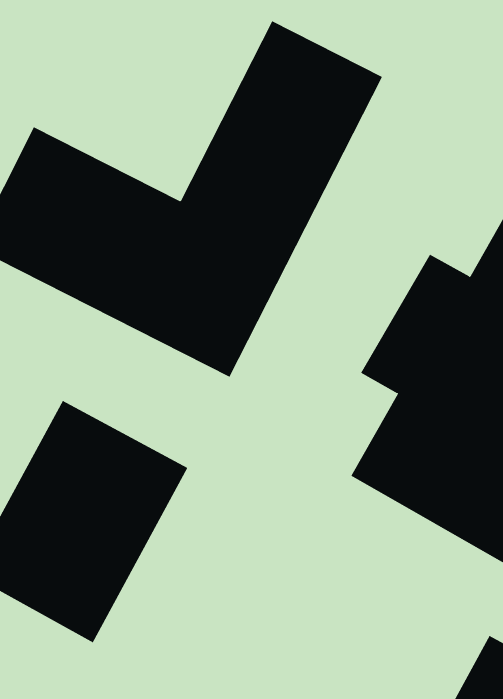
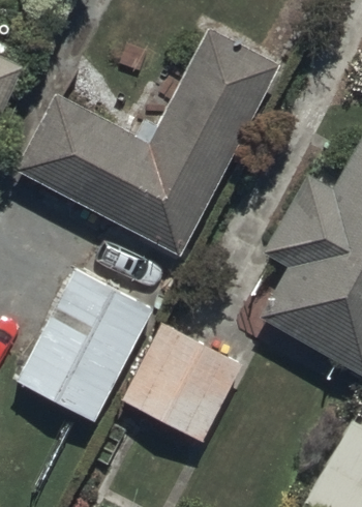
building: none -> [118,325,240,443]

